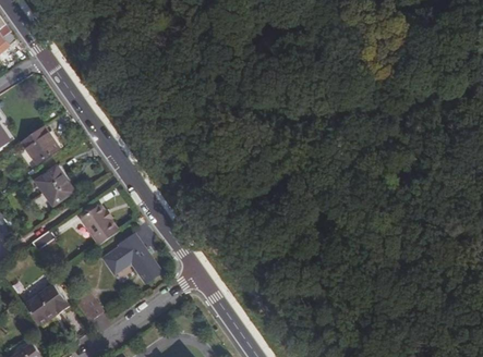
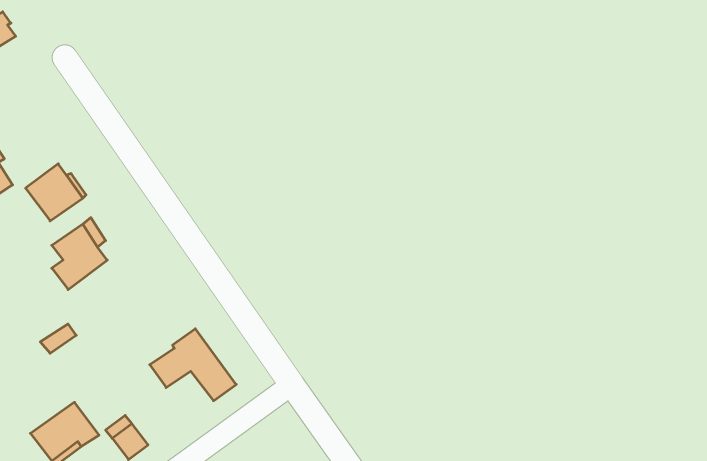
building: [82,204,118,243] -> none

